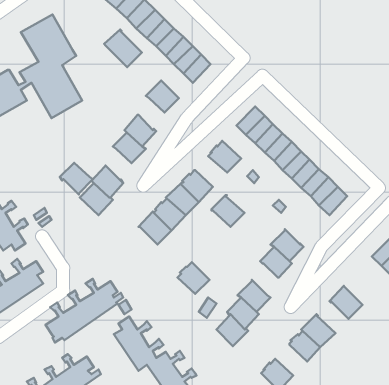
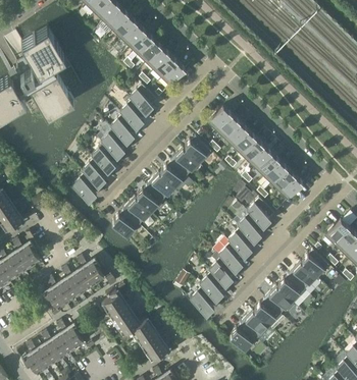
building: [104,30,142,67] -> none
building: none -> [120,100,148,127]
building: [60,163,93,195] -> [92,144,120,171]
building: [211,195,244,227] -> [171,149,200,176]
building: none -> [247,199,275,226]
building: [178,262,209,294] -> [112,211,140,238]
building: none -> [218,242,247,270]
building: none -> [302,251,329,278]
building: none -> [277,275,305,303]
building: none -> [241,311,269,339]

